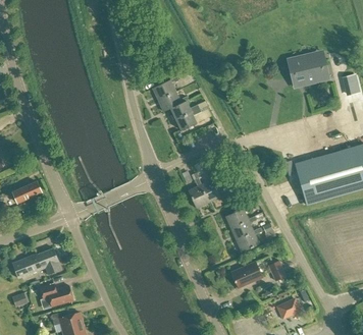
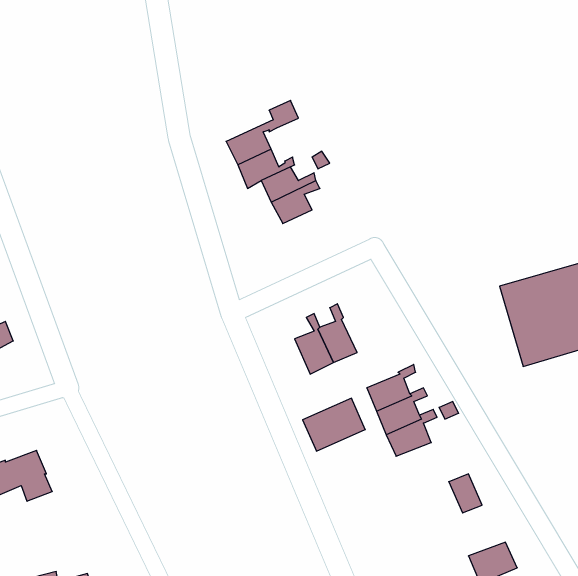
building: [288,52,330,88] -> none
building: [230,261,263,288] -> [303,398,365,451]
building: [40,283,72,305] -> none

